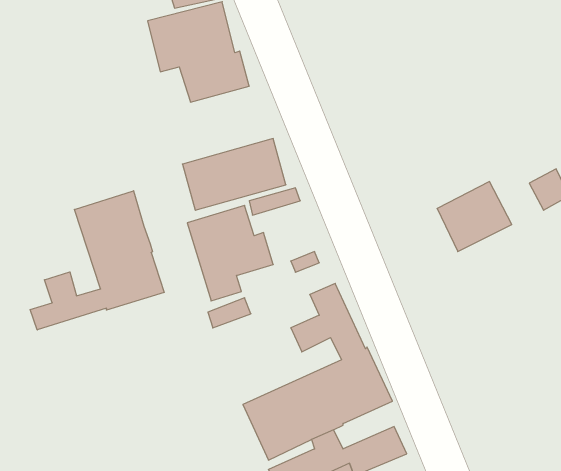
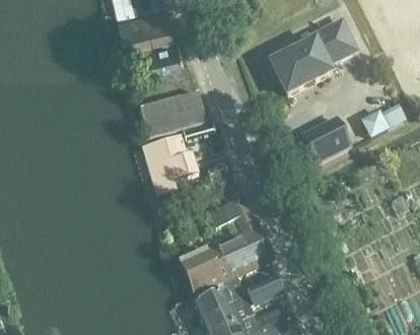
building: none -> [270,19,356,93]
building: [30,191,164,330] -> none

